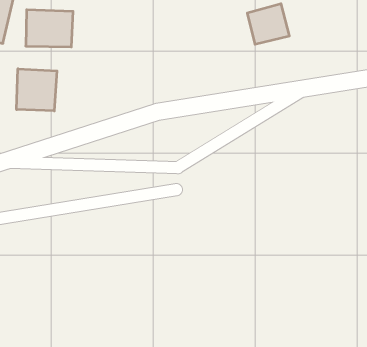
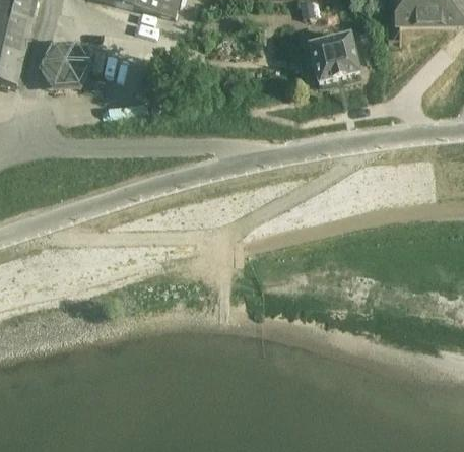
building: [17,69,57,111] -> none

